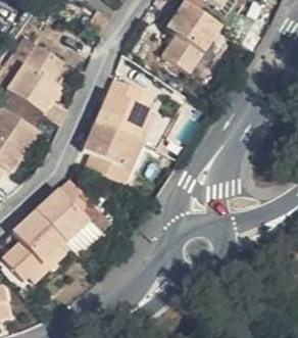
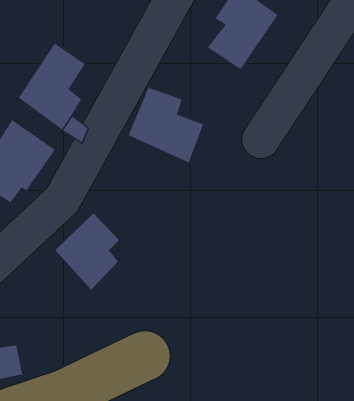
building: [91,118,154,185] -> none
building: [14,211,80,283] -> none

